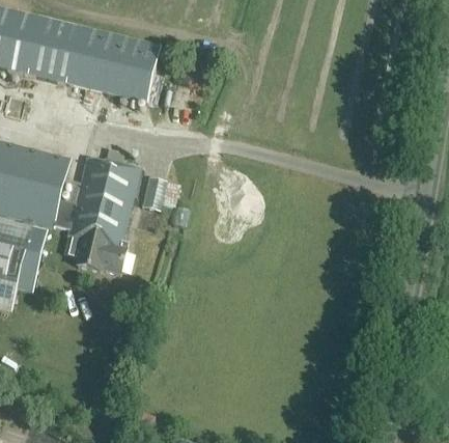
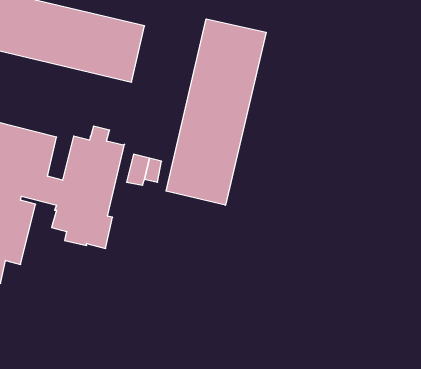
building: none -> [166,19,266,205]

